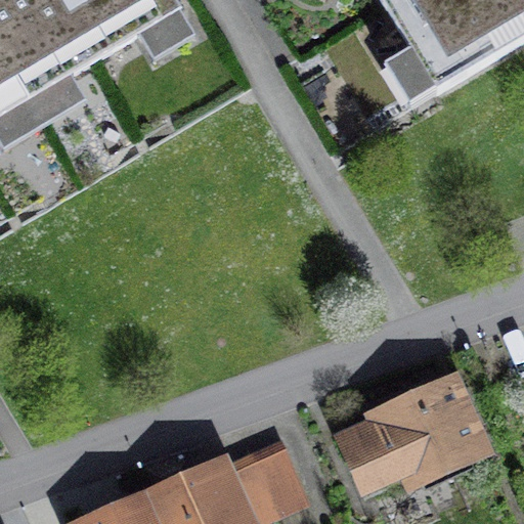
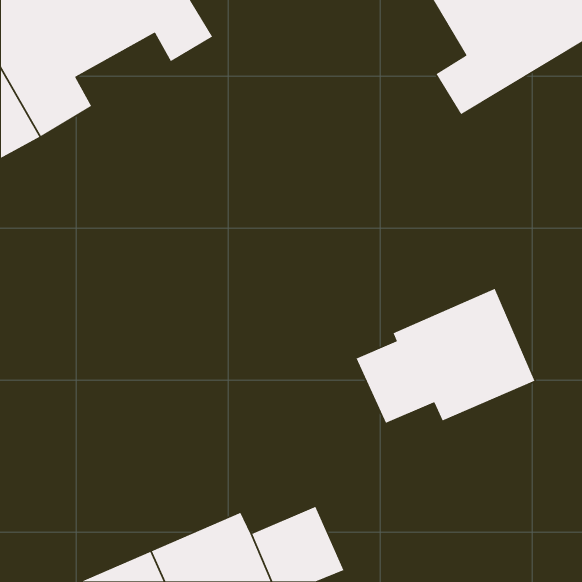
building: [326,376,486,496] -> [356,288,535,424]

